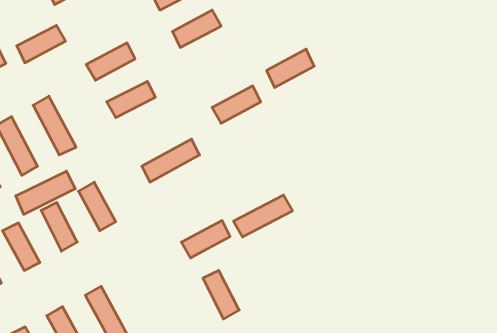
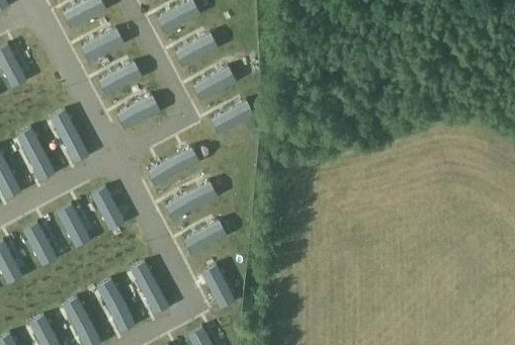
building: [17,25,65,63] -> [81,28,124,62]
building: [267,49,314,88] -> [193,66,236,100]
building: [16,171,75,214] -> none
building: [234,195,292,237] -> [165,182,218,220]
building: none -> [131,261,169,314]

